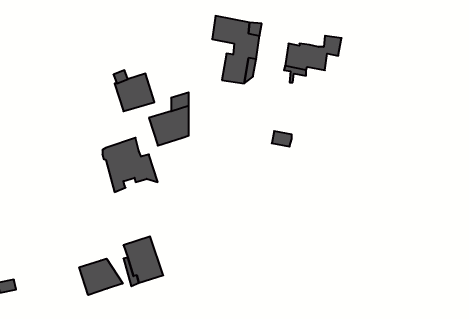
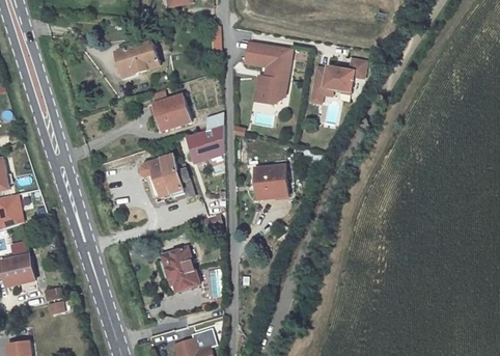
building: none -> [116,43,159,74]
building: none -> [254,165,286,198]
building: [79,259,123,295] -> none

